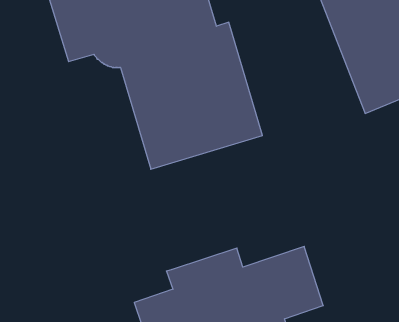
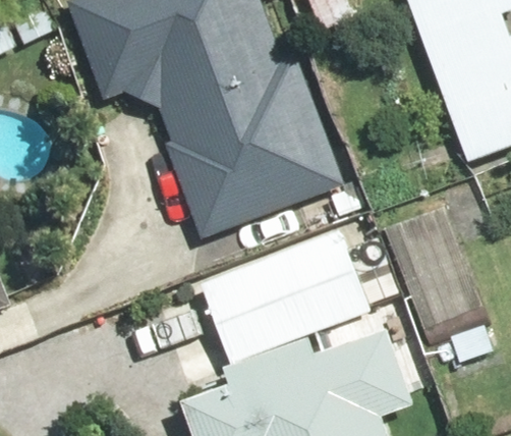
building: none -> [388,206,487,335]
building: none -> [203,234,396,358]

